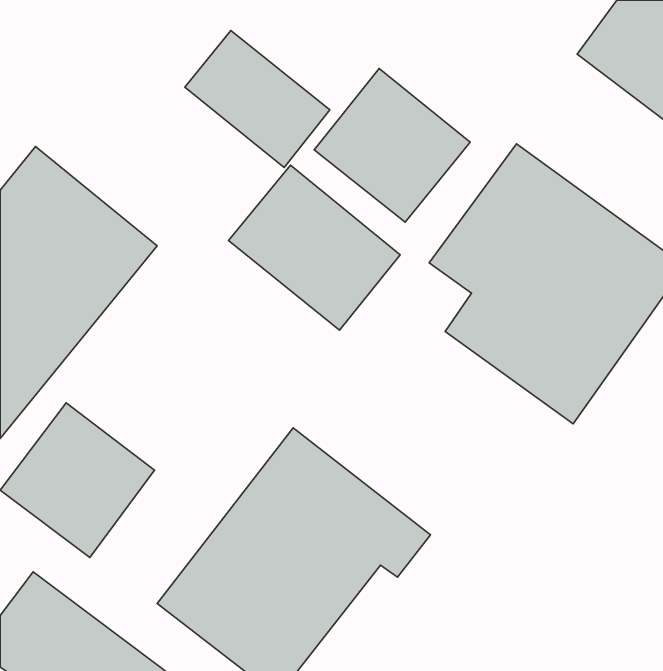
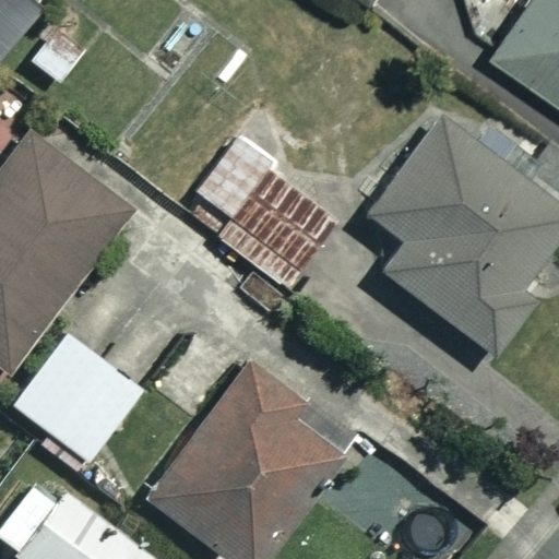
building: [185,30,330,167] -> none
building: [314,68,470,222] -> none

